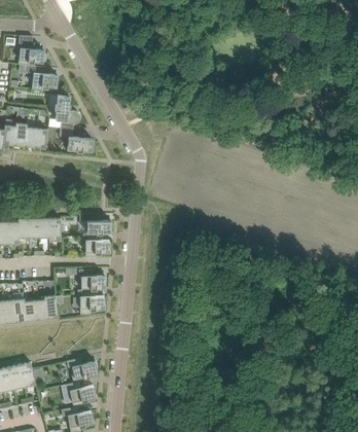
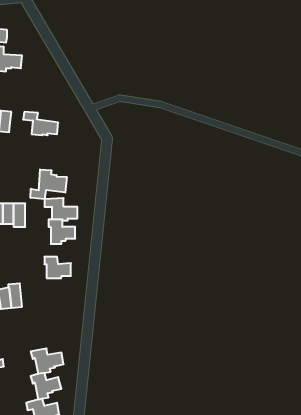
building: [53,95,79,130] -> none
building: none -> [31,169,67,199]
building: [76,289,103,314] -> none

